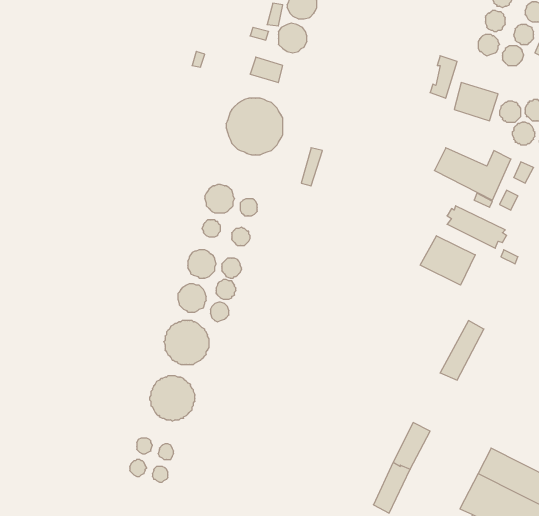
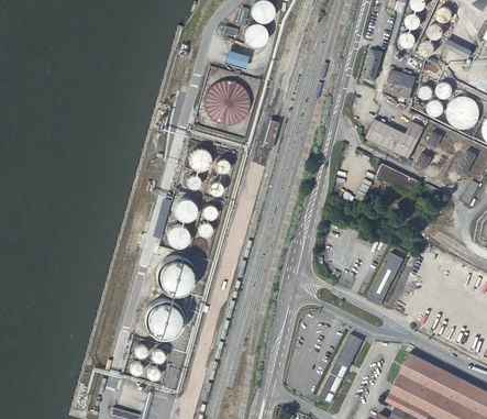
building: [420,236,475,285] -> none

